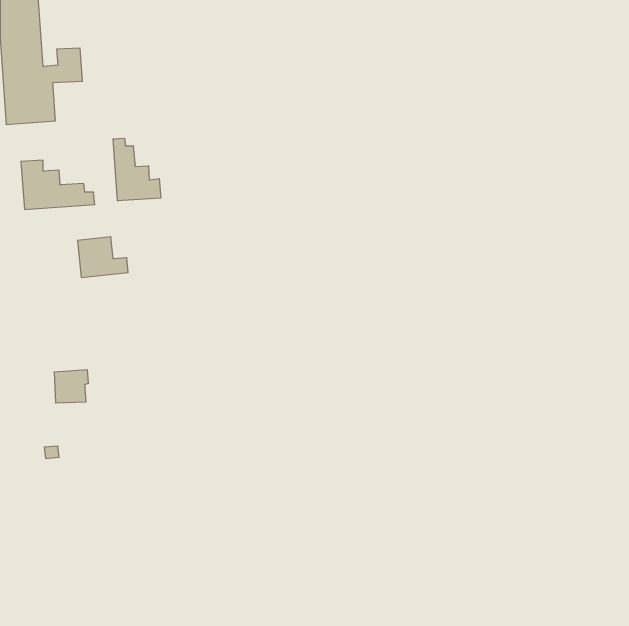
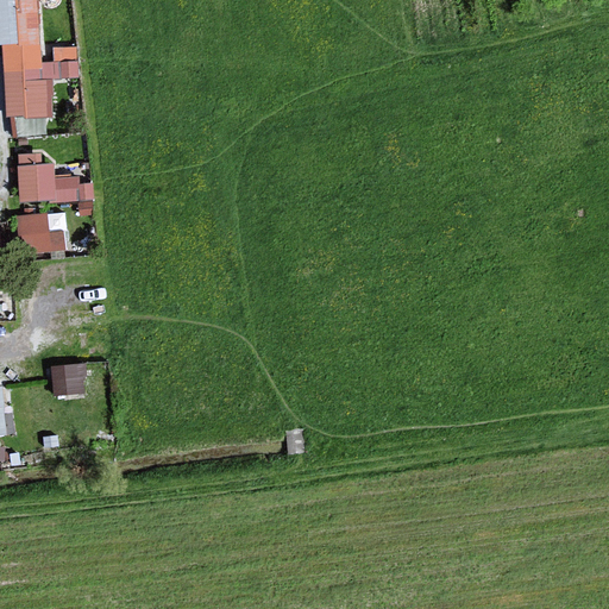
building: [113,138,161,201] -> none
building: [78,237,128,277] -> [17,213,65,252]

